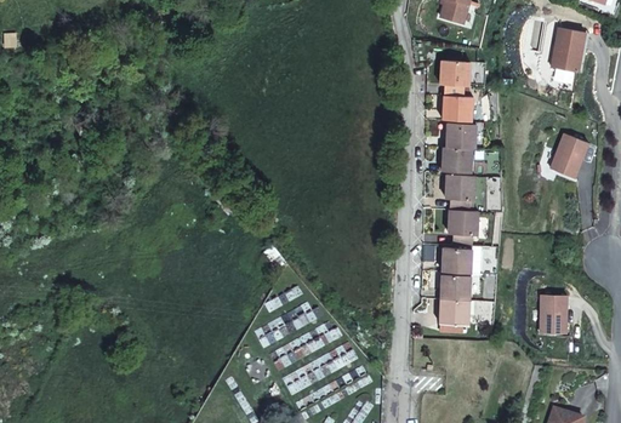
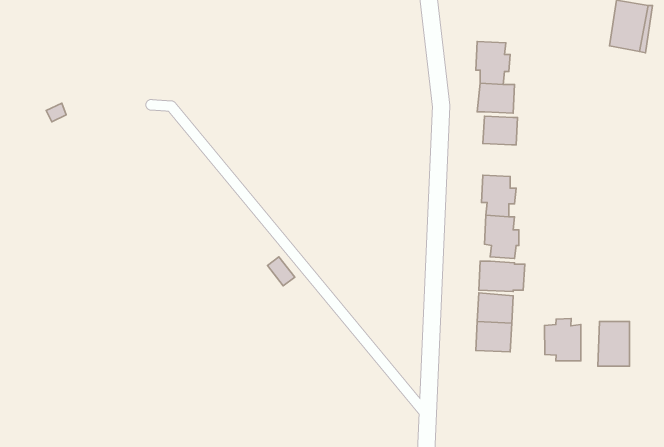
building: [551,128,589,175] -> none
building: [441,149,471,173] -> none
building: none -> [545,318,581,361]

